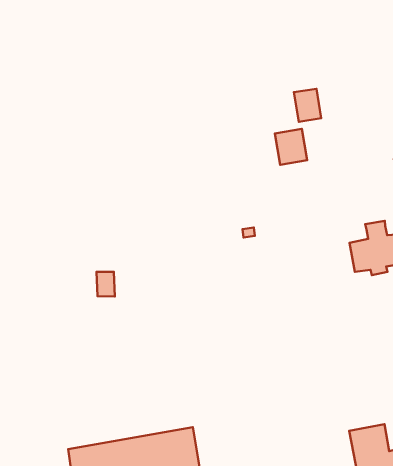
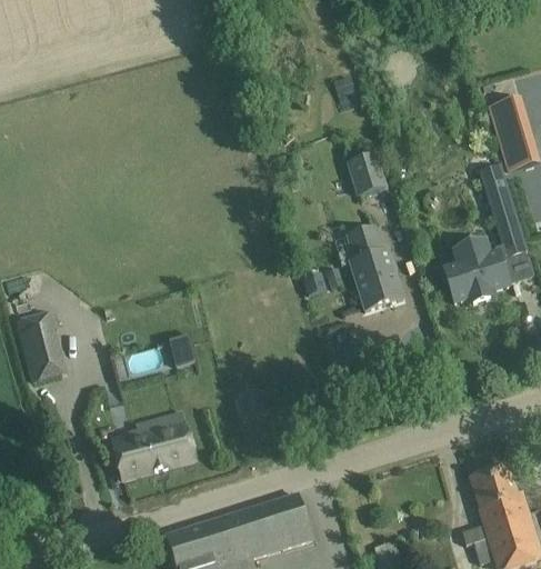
building: [294,89,321,122] -> none
building: none -> [347,226,403,311]
building: none -> [113,412,194,479]

